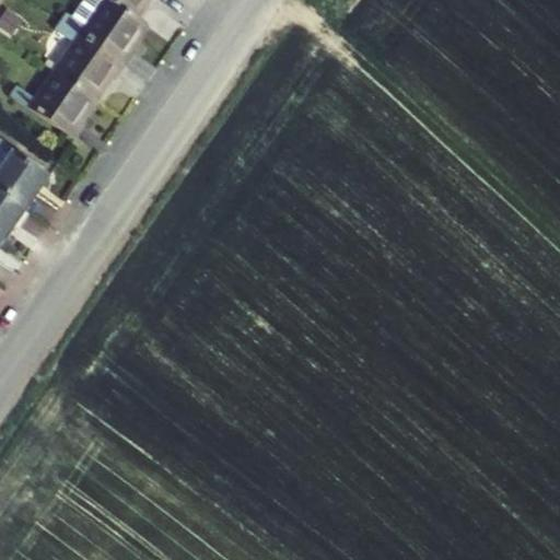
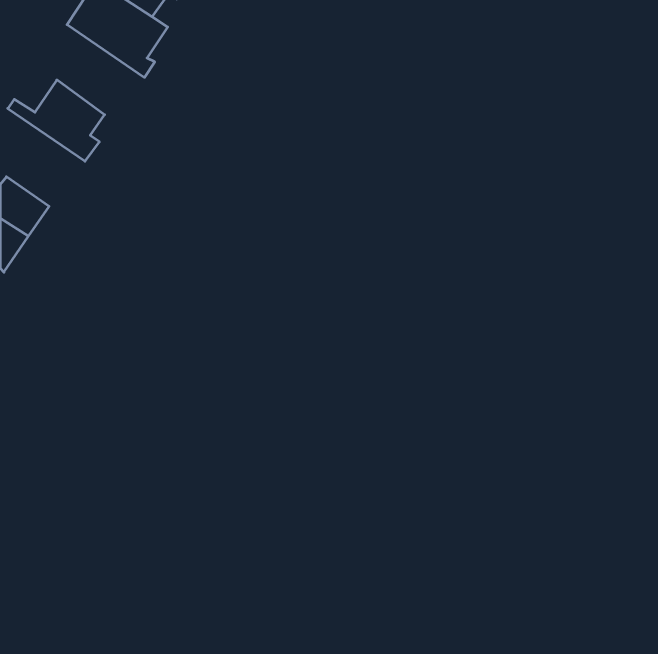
building: [49,21,124,97] -> none

